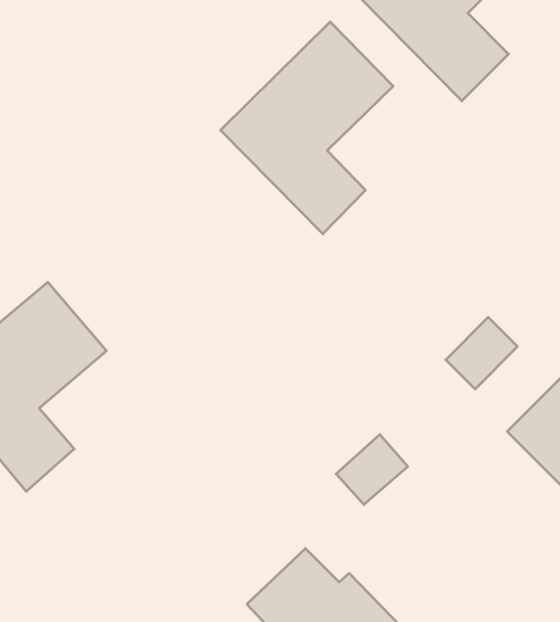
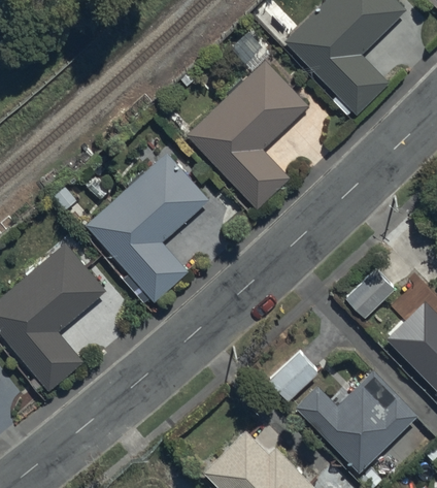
building: none -> [86,152,209,301]
building: none -> [296,369,417,471]

